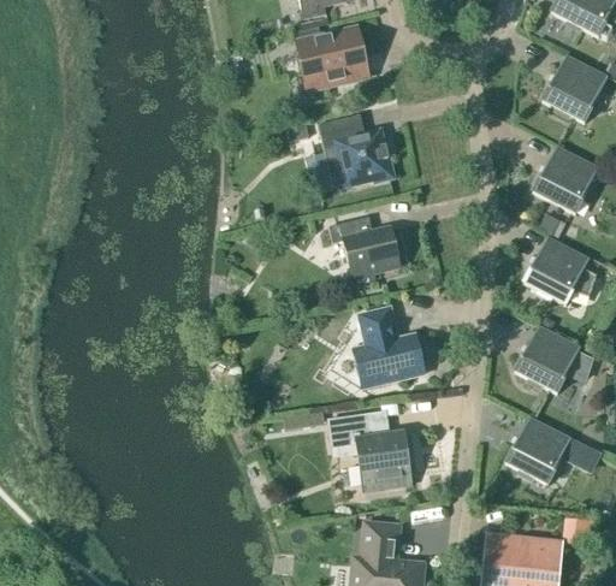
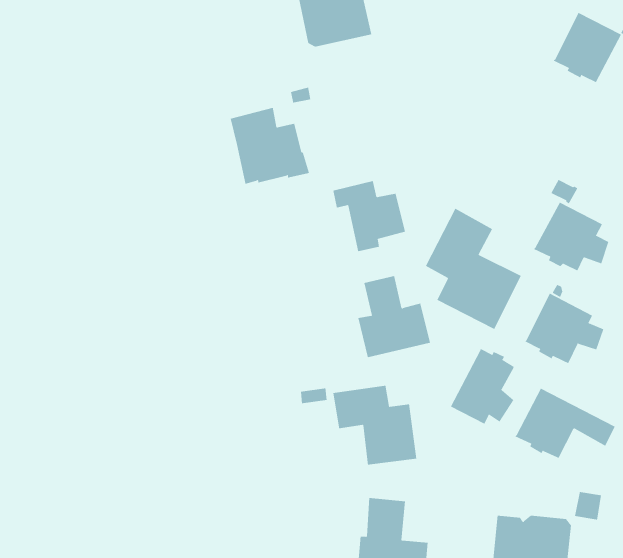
building: [319,113,396,188] -> [230,107,310,184]
building: [533,144,599,213] -> none
building: none -> [425,208,522,330]
building: none -> [450,348,515,424]

